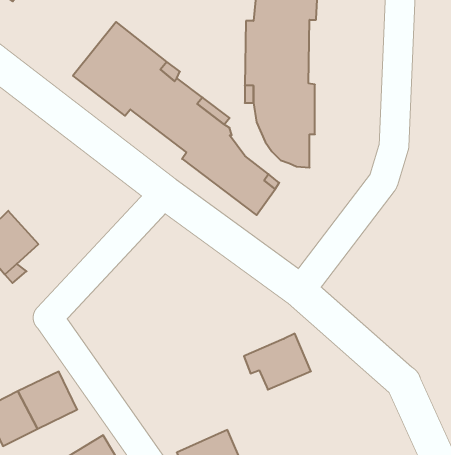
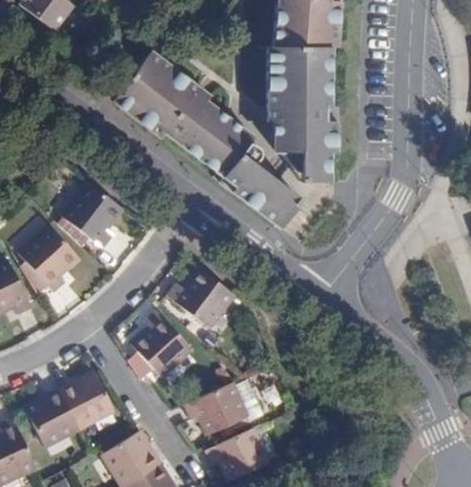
building: none -> [62,184,121,249]
building: none -> [167,270,235,329]
building: none -> [133,311,192,377]
building: [244,334,311,390] -> [185,382,247,434]

